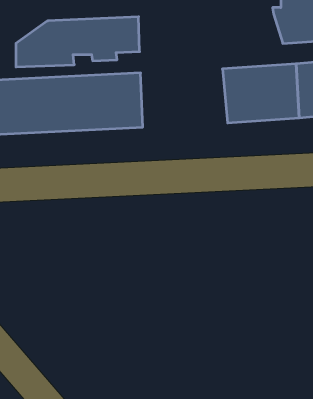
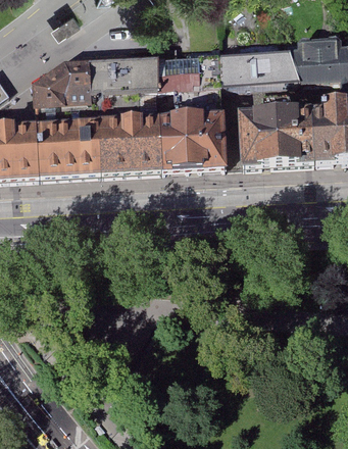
building: none -> [227,55,299,89]
building: none -> [155,56,200,93]
building: none -> [157,111,228,168]

